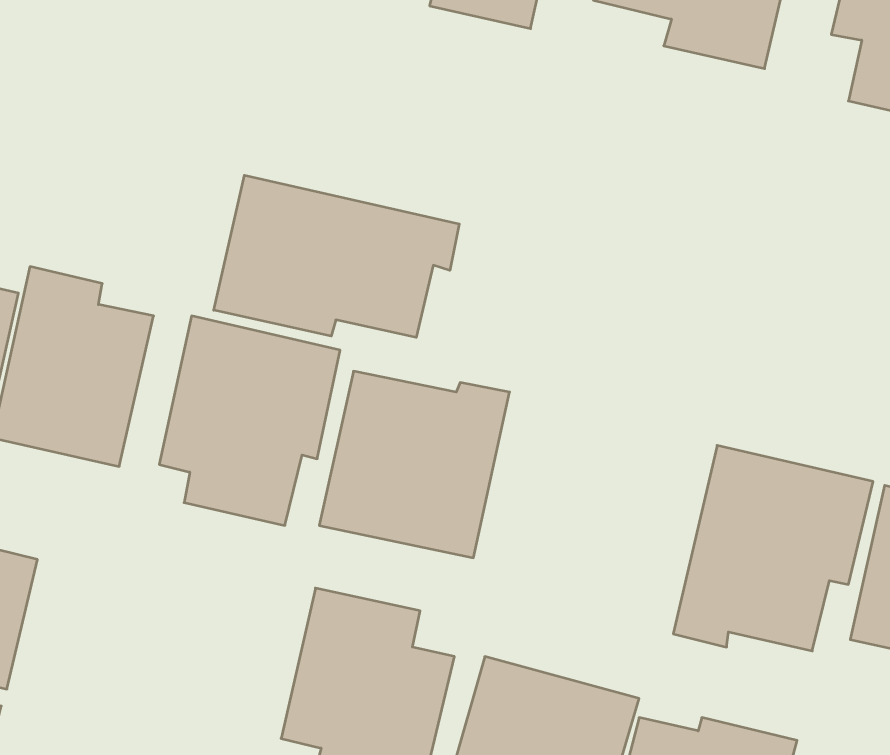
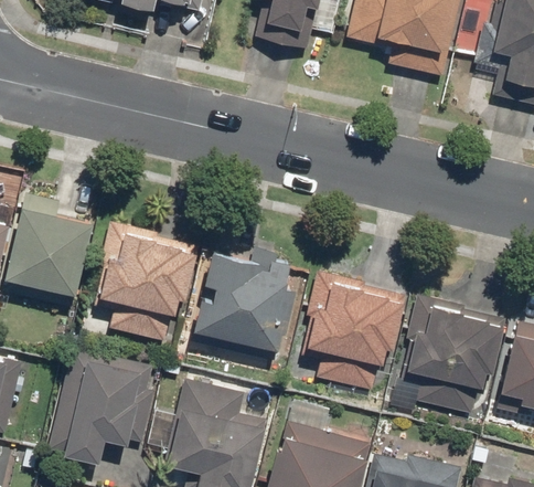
building: [214,175,459,337] -> none
building: none -> [298,268,408,390]
building: none -> [46,346,154,464]

